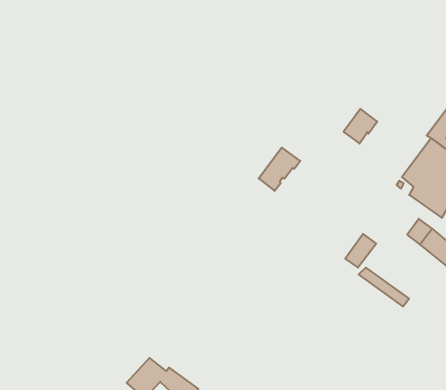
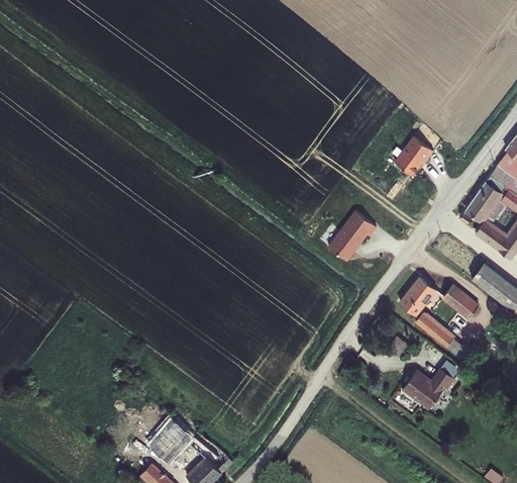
building: [259,148,300,191] -> [332,209,380,259]
building: none -> [440,285,476,316]
building: none -> [404,369,457,411]

